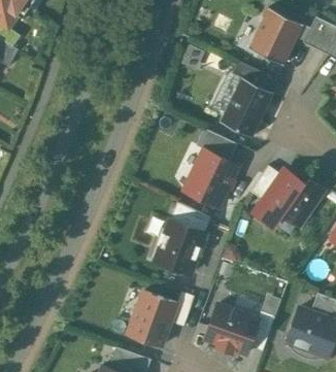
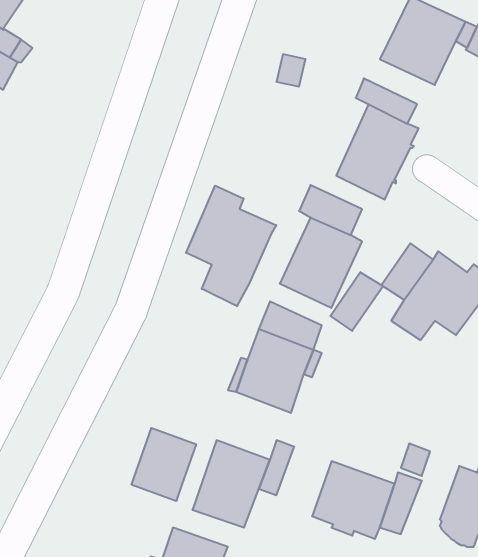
building: none -> [186,186,276,306]
building: none -> [330,272,383,331]
building: none -> [132,428,196,501]

